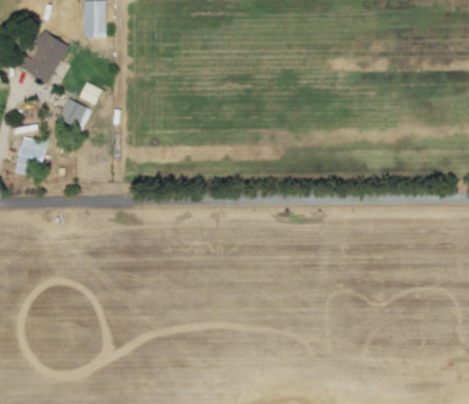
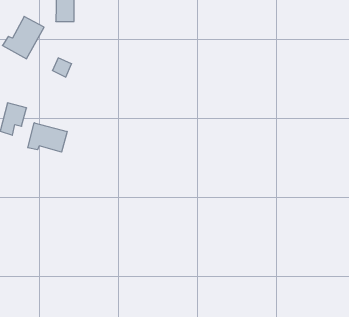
building: [58,98,91,129] -> none
building: none -> [28,123,67,152]

